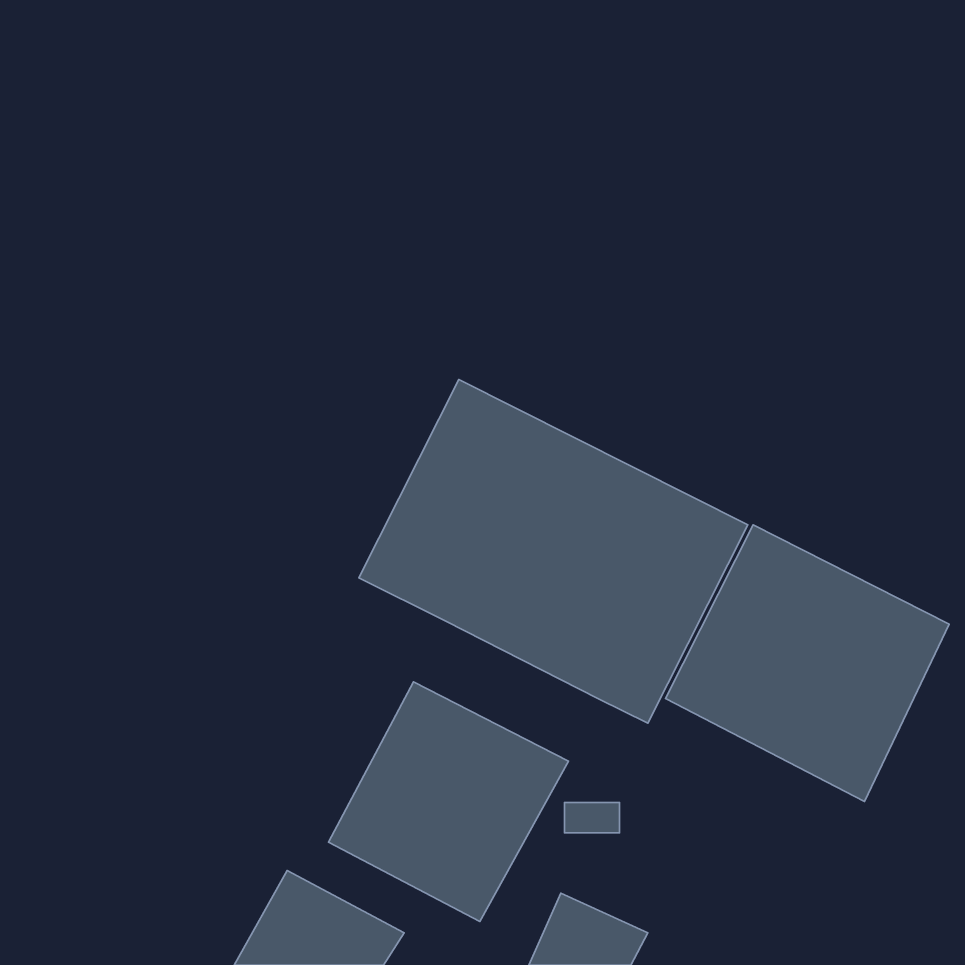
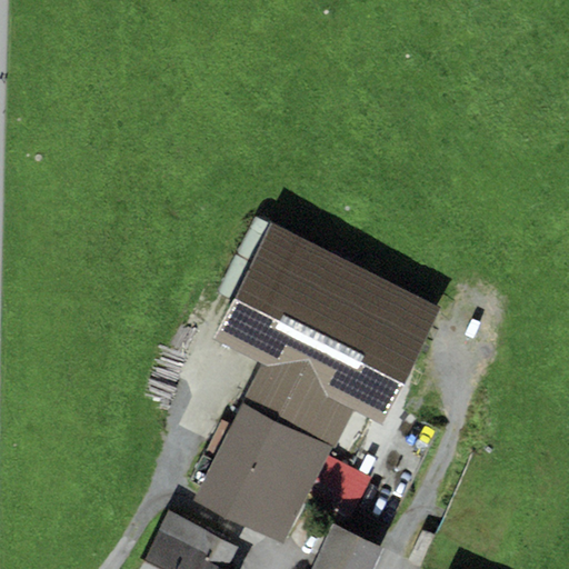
building: [666,525,949,802] -> none
building: none -> [243,366,352,448]

